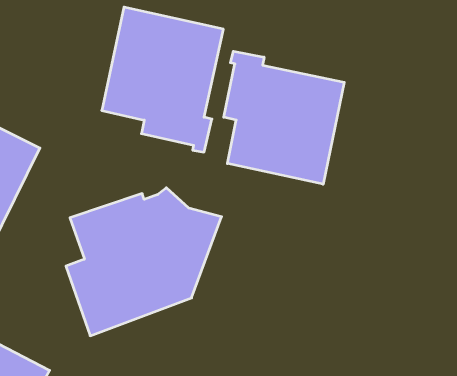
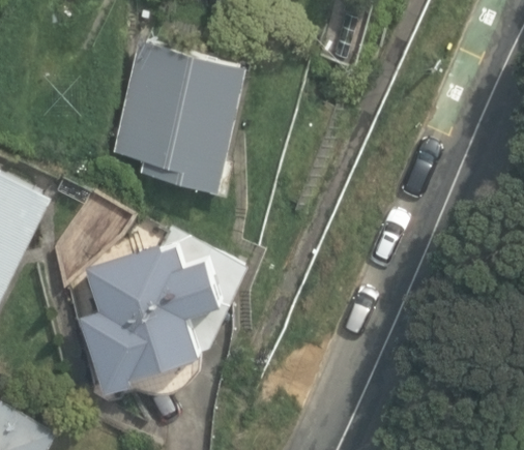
building: [224,51,344,184] -> none

